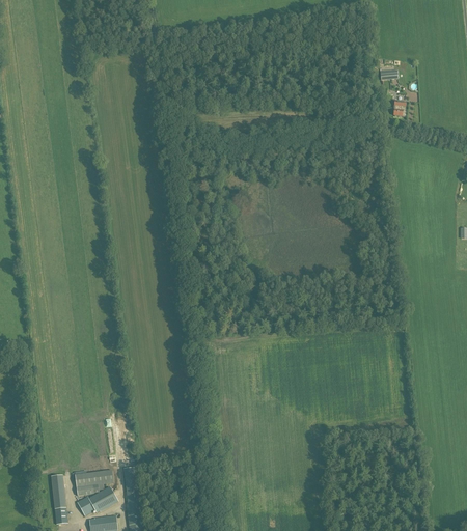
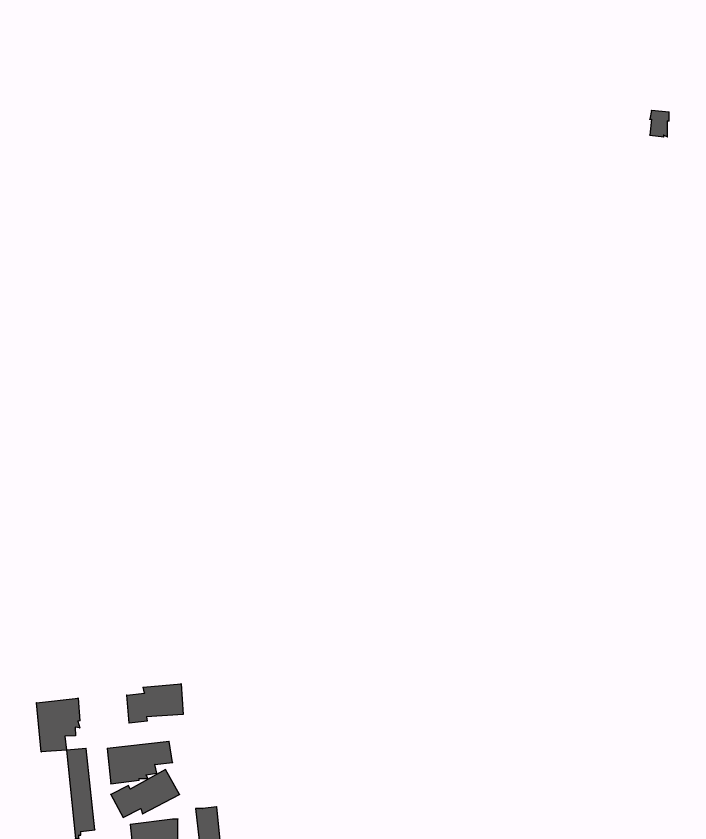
building: none -> [127,684,183,723]
building: none -> [36,698,80,752]

